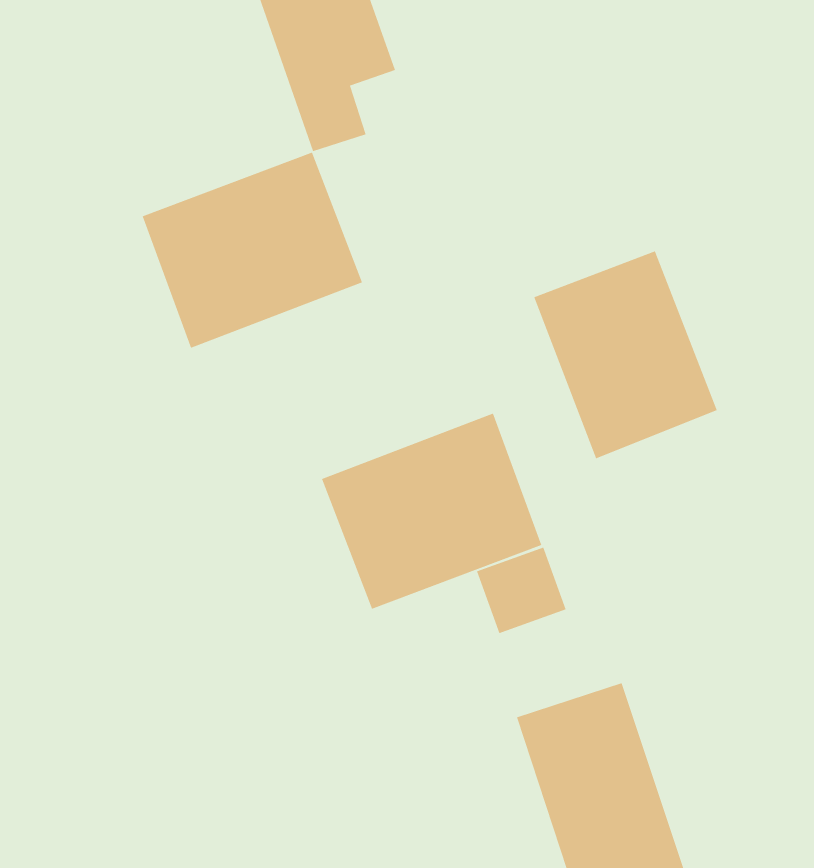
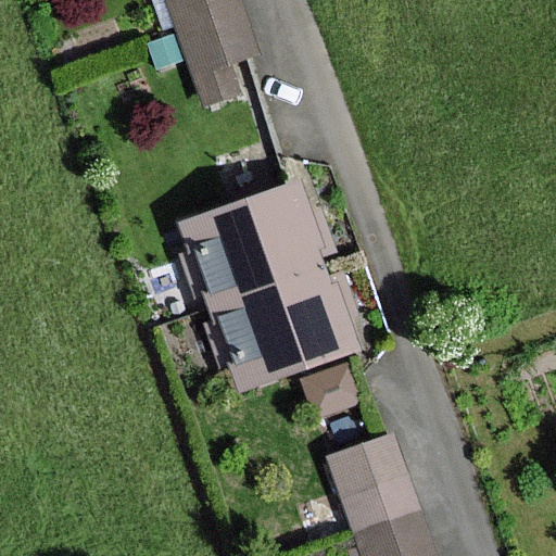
building: [142,152,363,349] -> [178,185,316,307]
building: [533,251,718,459] -> none

